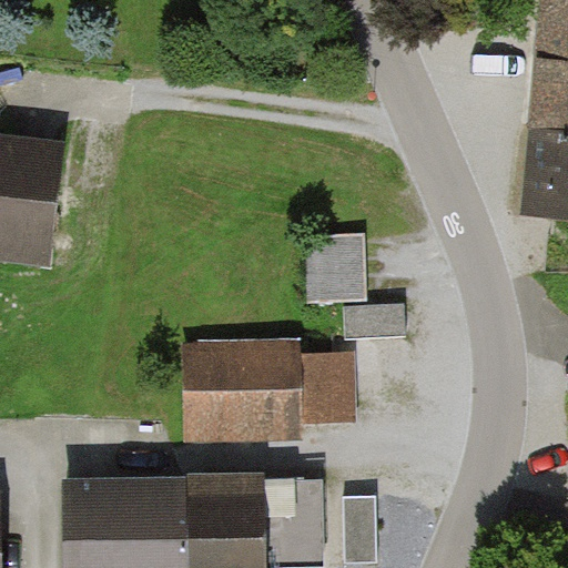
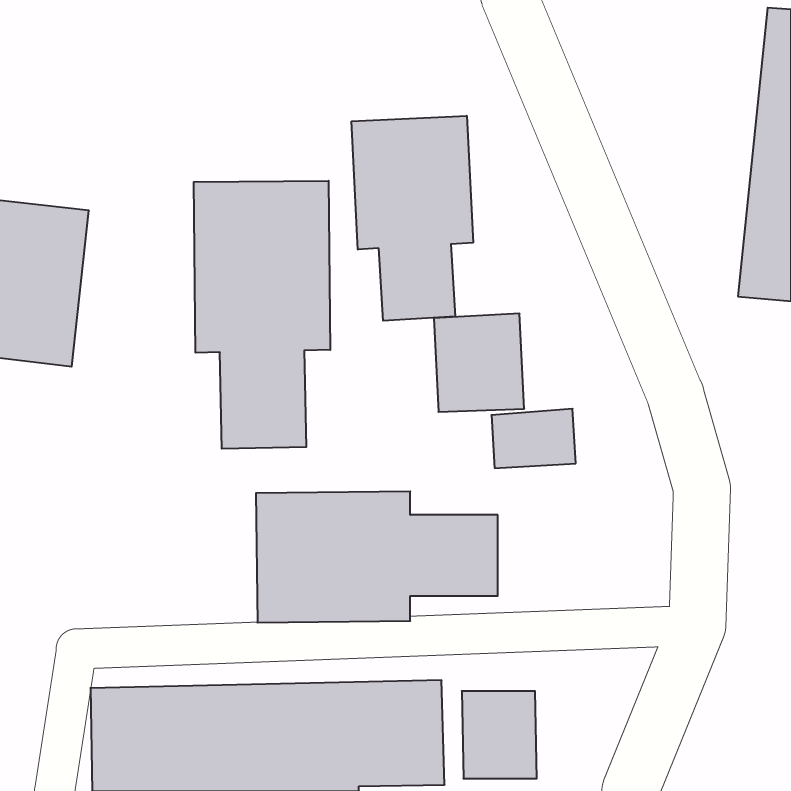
building: none -> [352,116,473,321]
building: none -> [194,181,330,449]

